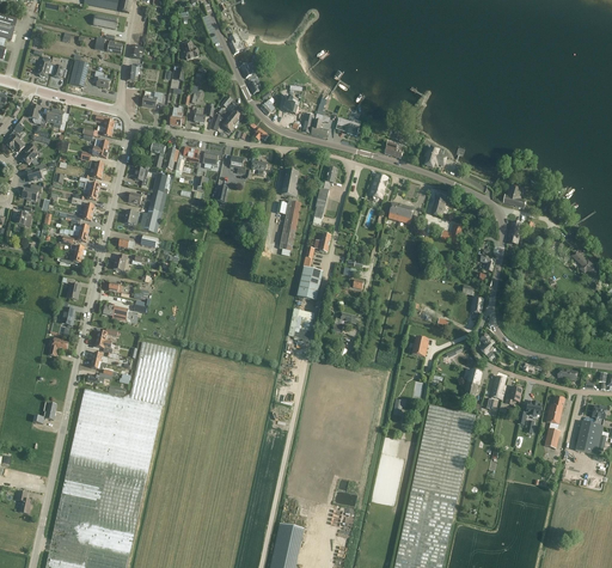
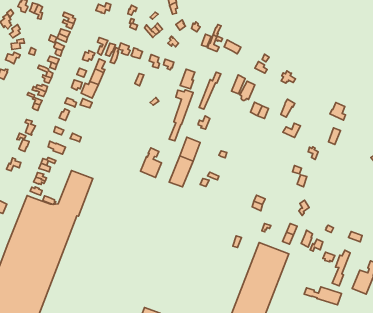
building: none -> [140,148,161,178]
building: none -> [304,287,342,305]

